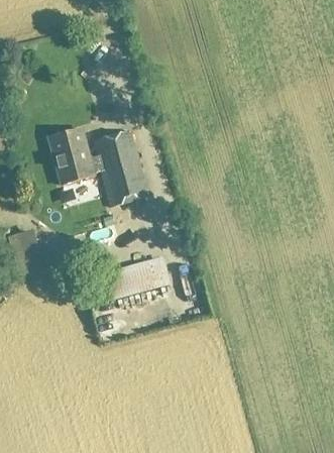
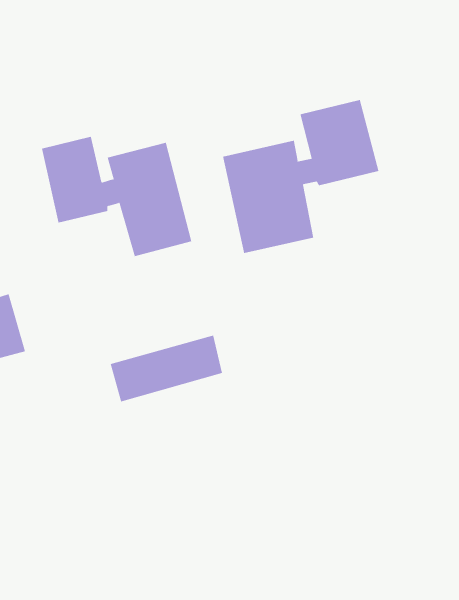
building: none -> [222,99,379,254]

